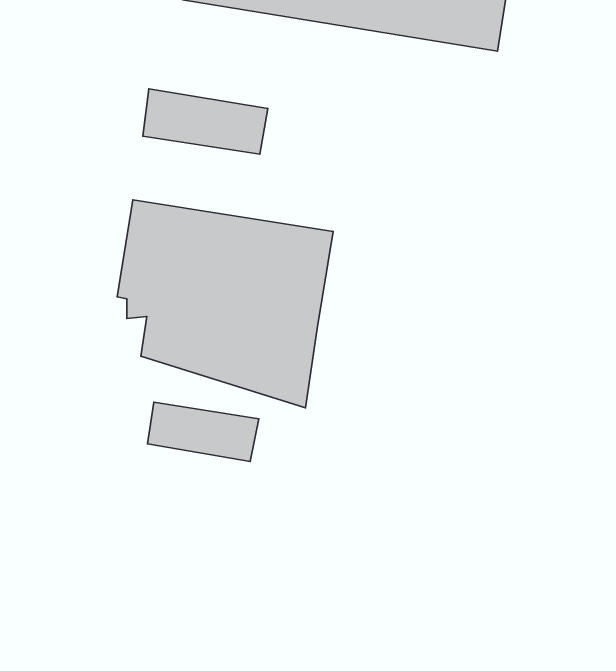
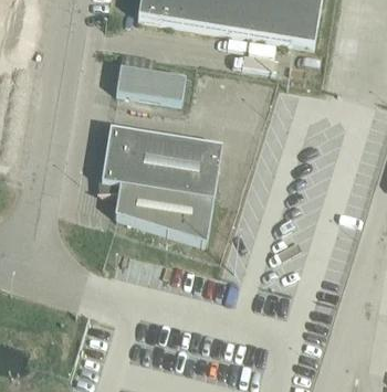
building: [147,402,259,462] -> none

